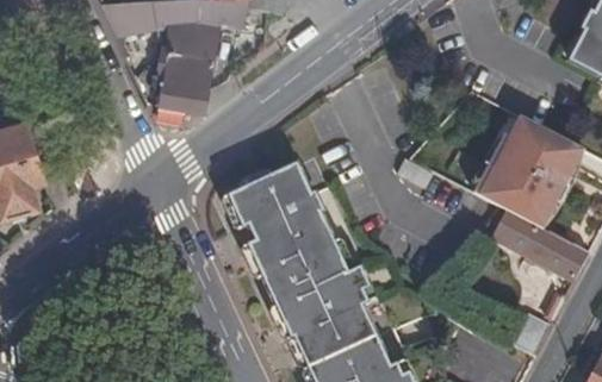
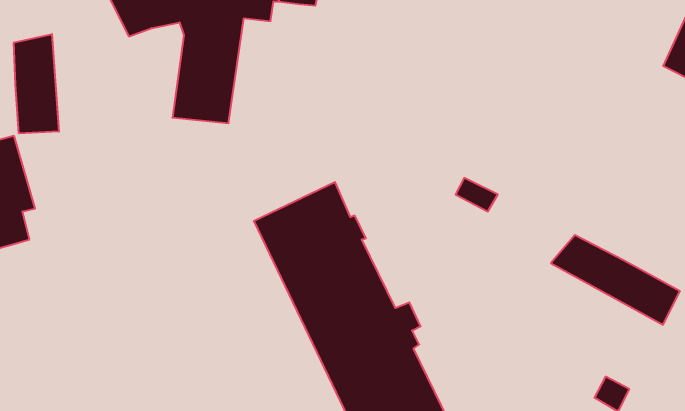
building: none -> [14,34,59,133]
building: [479,117,583,227] -> none

